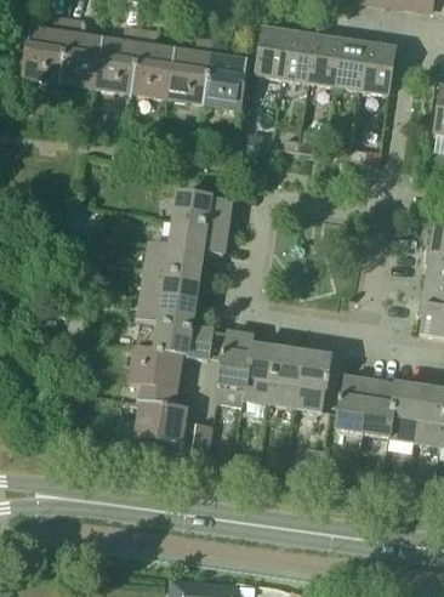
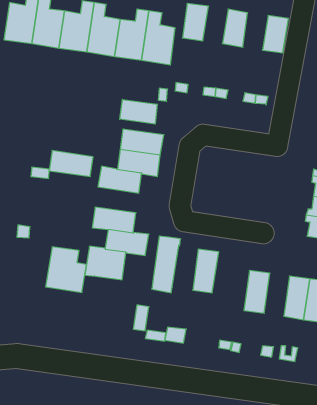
building: [283,32,315,80] -> none
building: [335,40,368,89] -> none
building: none -> [120,99,157,124]
building: [142,267,199,301] -> [49,150,93,176]
building: [243,343,277,402] -> none
building: [295,352,330,409] -> none
building: [363,380,395,436] -> none
building: [133,383,187,443] -> [46,247,87,292]

